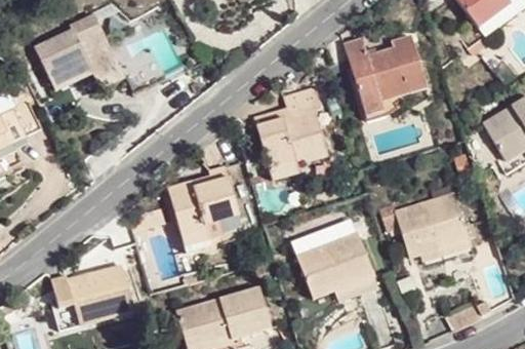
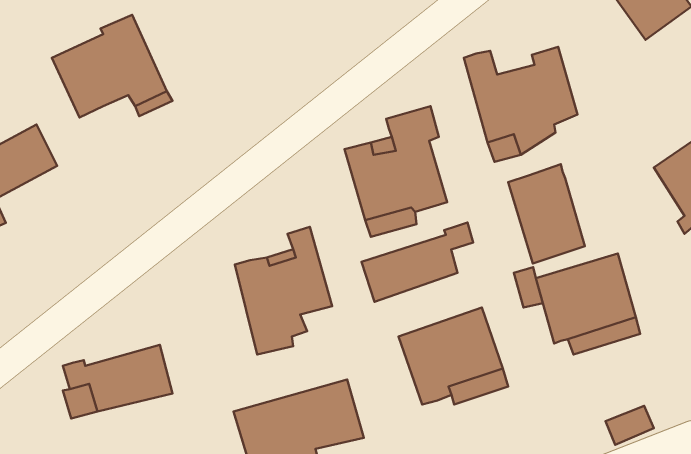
building: none -> [508,164,585,264]
building: none -> [361,223,473,302]

